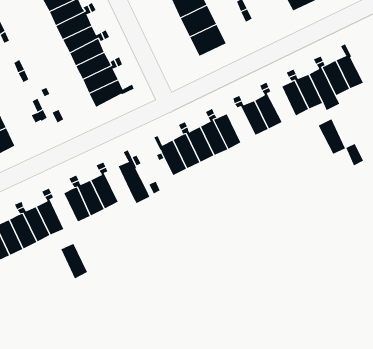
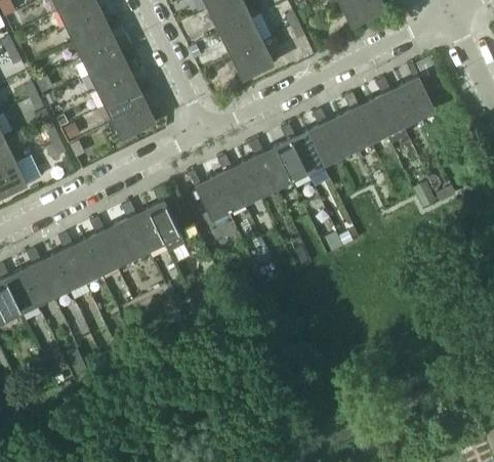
building: none -> [275,139,307,181]
building: [318,119,346,154] -> [322,116,355,158]
building: none -> [131,209,163,251]
building: [61,243,88,279] -> [68,241,99,283]

